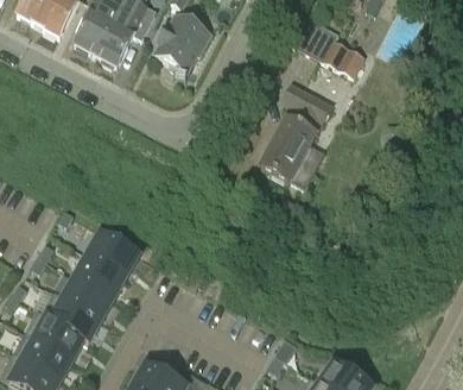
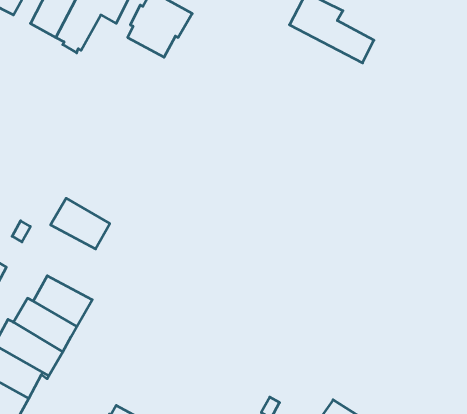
building: [259,83,331,189] -> none
building: [87,232,137,275] -> [51,198,110,249]

